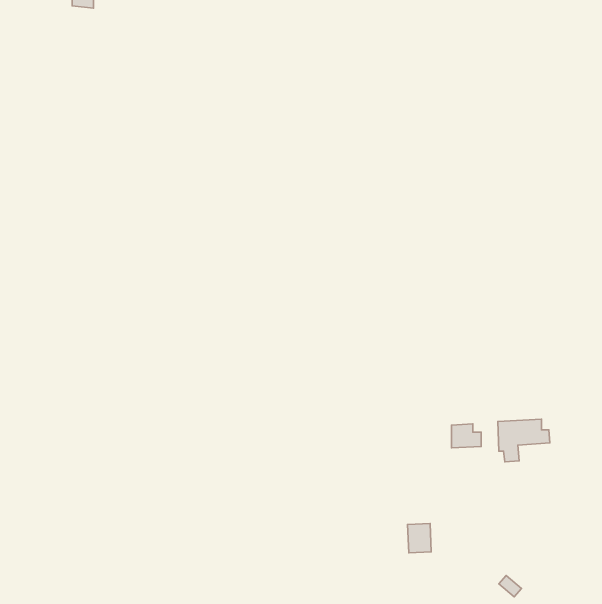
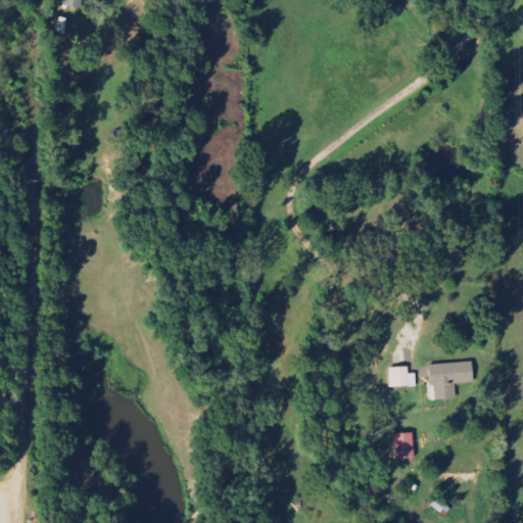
building: [408,523,431,553] -> [393,432,414,458]

